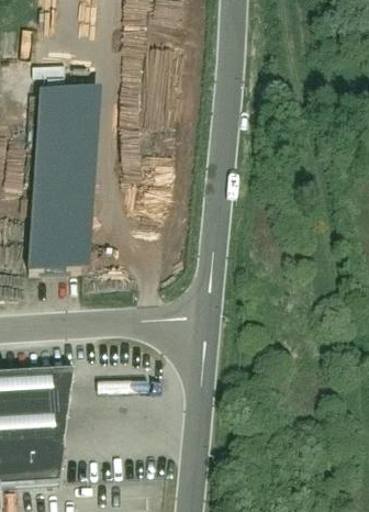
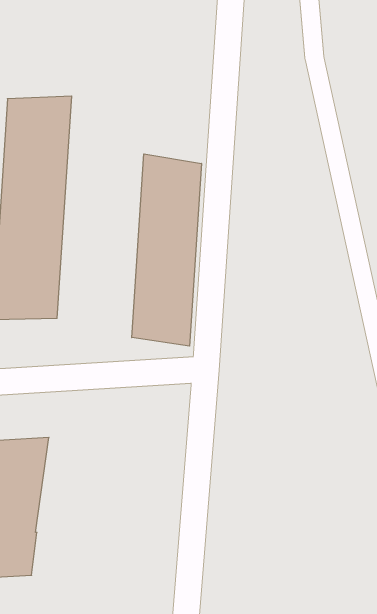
building: none -> [132,154,201,346]

